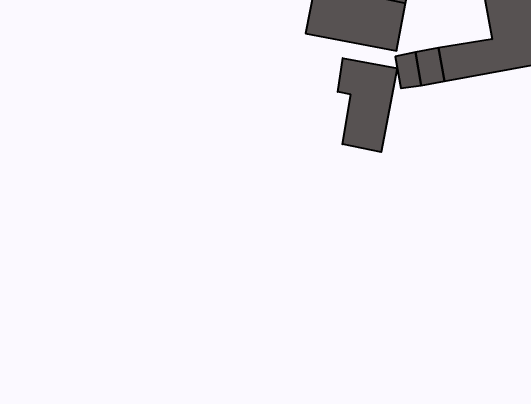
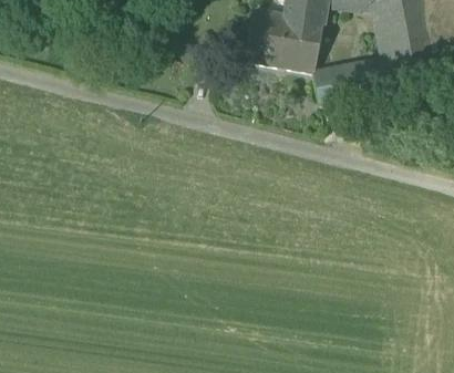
building: [338,58,397,152] -> none

